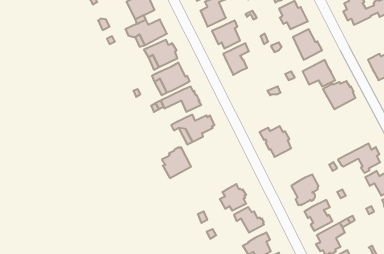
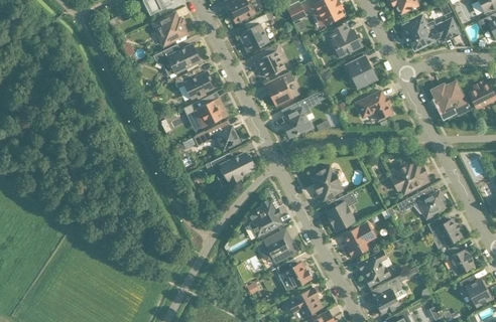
building: none -> [281,92,324,138]
building: [323,81,355,109] -> [391,162,428,194]
building: [162,147,191,178] -> [249,202,282,237]
building: none -> [327,192,355,229]

